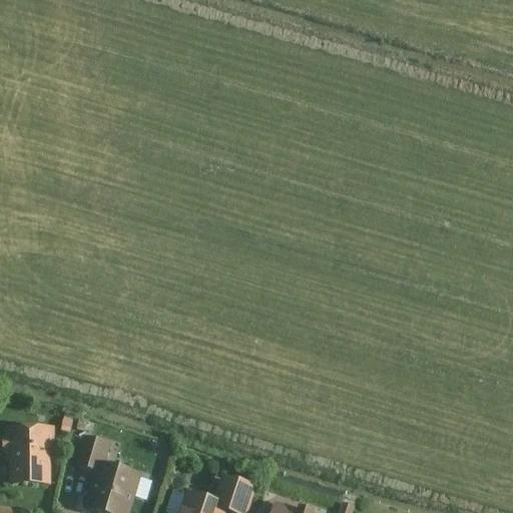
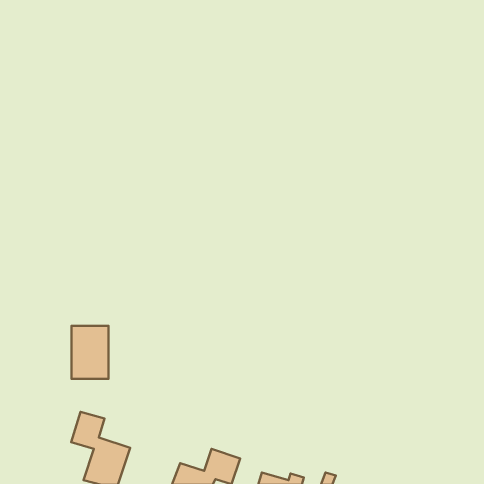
building: [12,425,51,481] -> [72,326,109,379]

